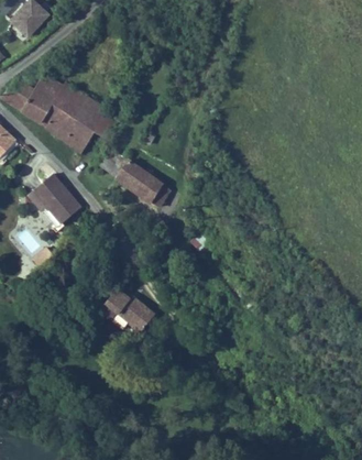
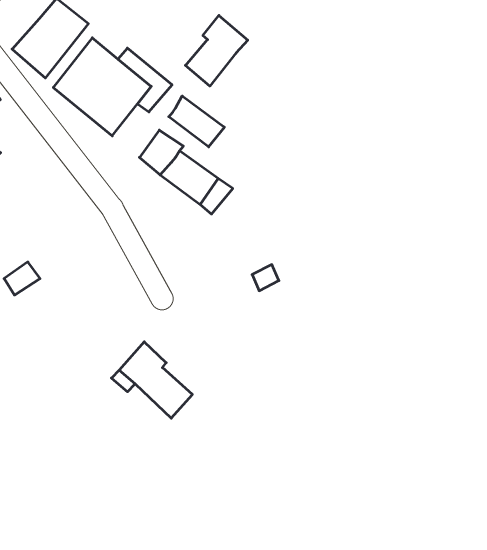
building: none -> [185,15,248,86]
building: none -> [169,96,224,147]
building: [26,174,79,229] -> none

